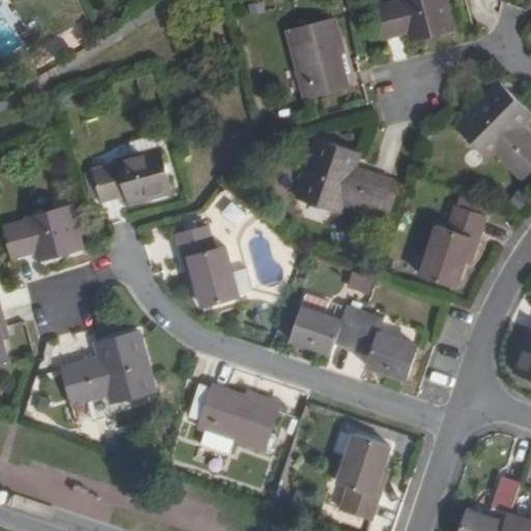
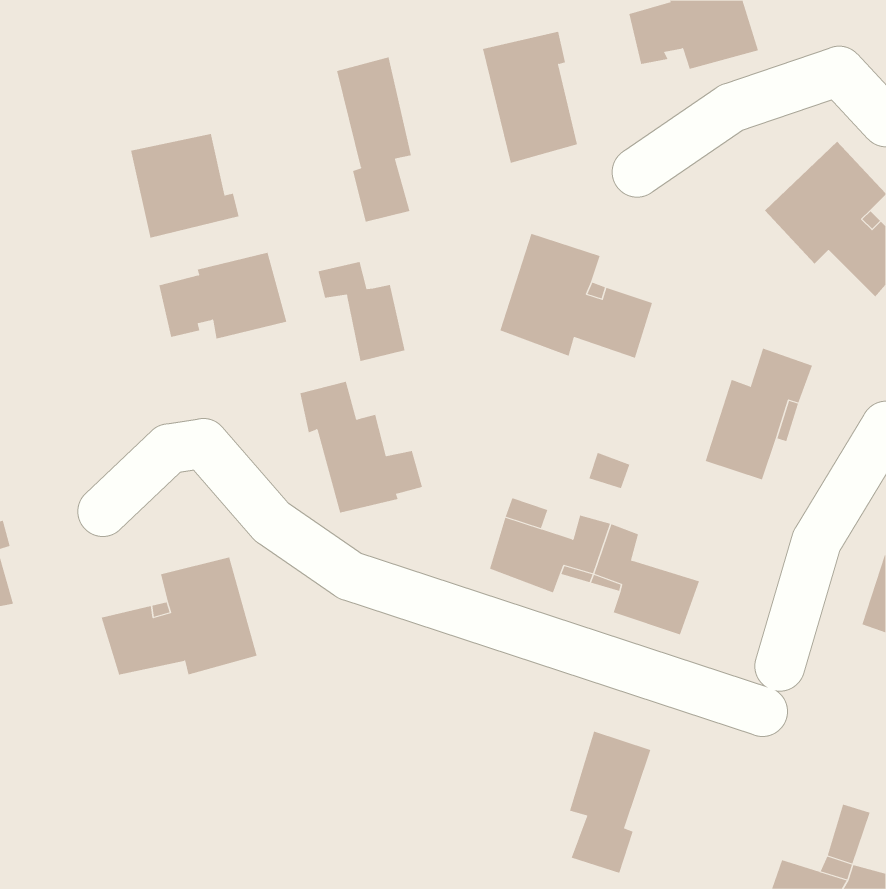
building: none -> [336,57,411,223]
building: none -> [131,133,239,239]
building: none -> [318,261,405,362]
building: [4,205,82,259] -> none
building: [199,386,279,449] -> none

